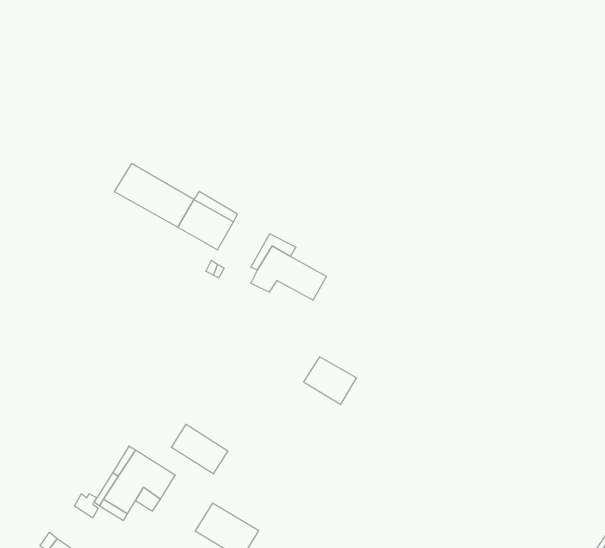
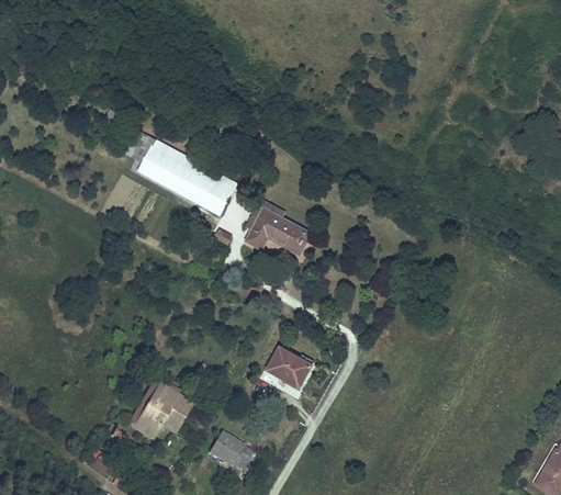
building: [304,357,357,404] -> [266,346,310,385]
building: [172,424,228,474] -> none

